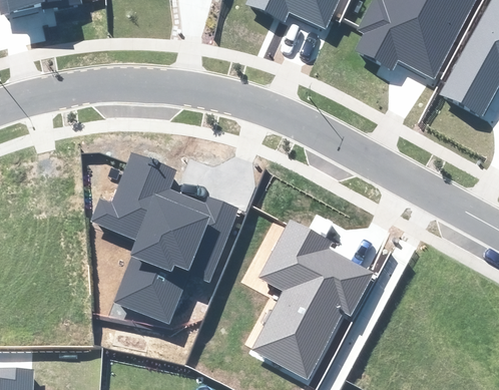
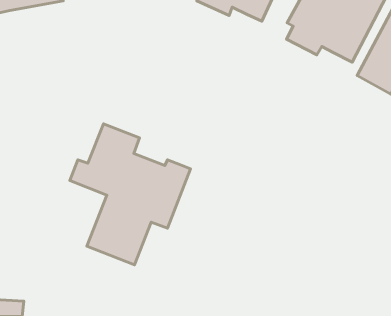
building: [252,220,374,379] -> none

